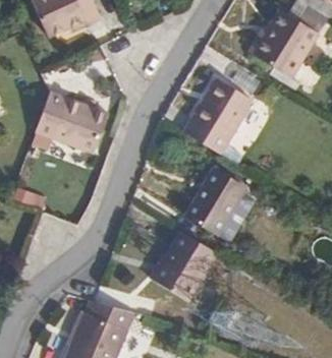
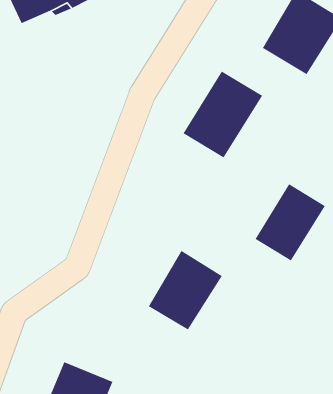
building: [36,91,106,151] -> none
building: [183,166,244,233] -> [255,183,326,262]
building: [80,298,136,343] -> none

